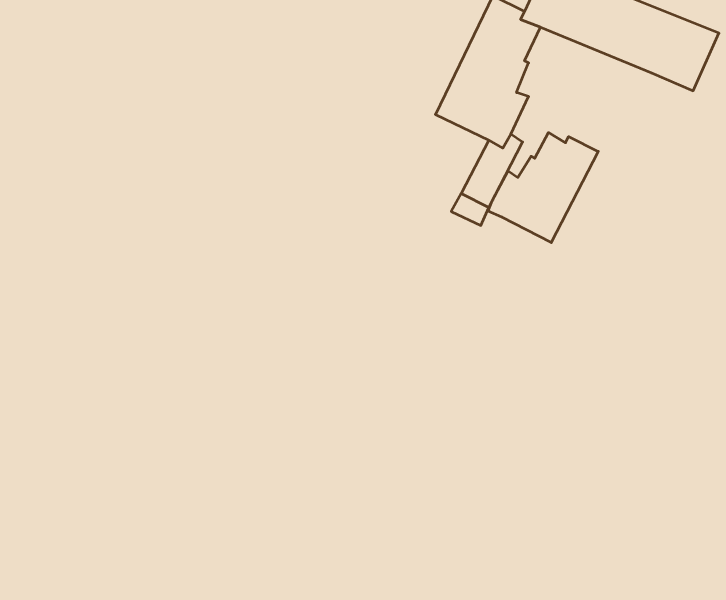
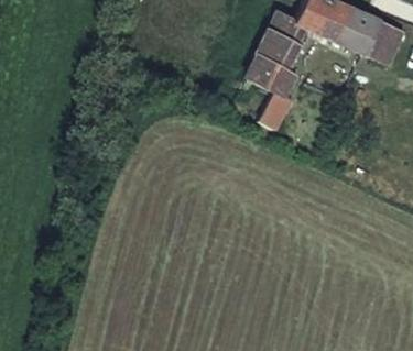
building: [488,133,598,243] -> none

